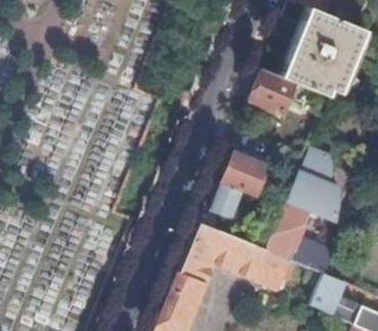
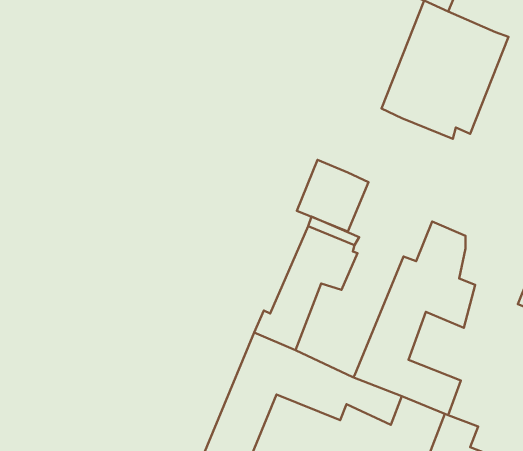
building: [249,70,295,116] -> [297,160,368,231]

